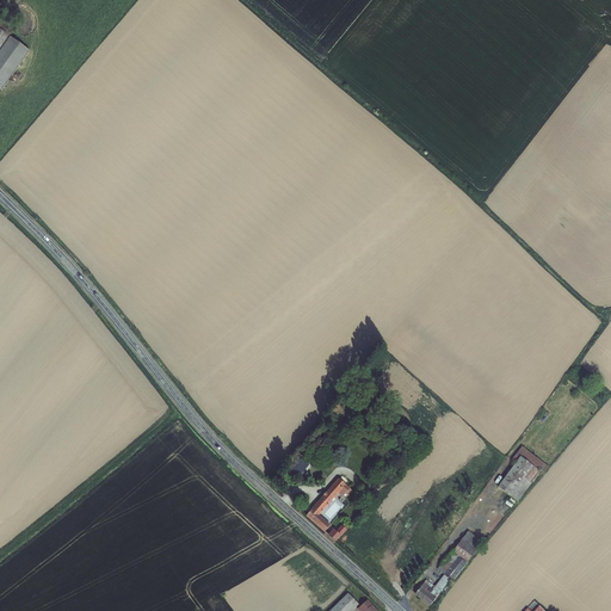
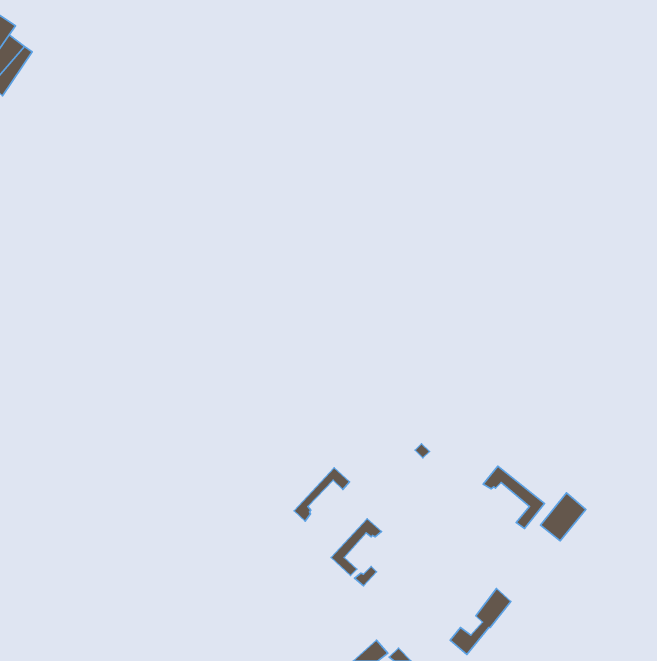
building: none -> [483,466,544,529]
building: none -> [294,468,349,521]

